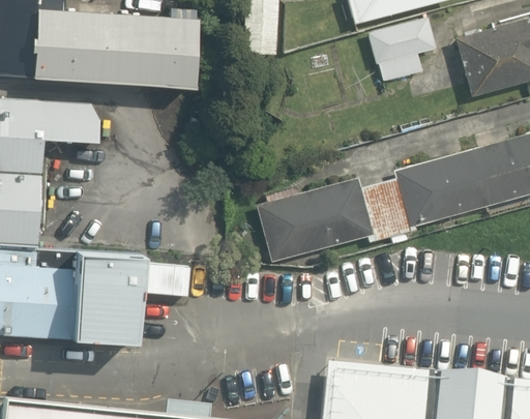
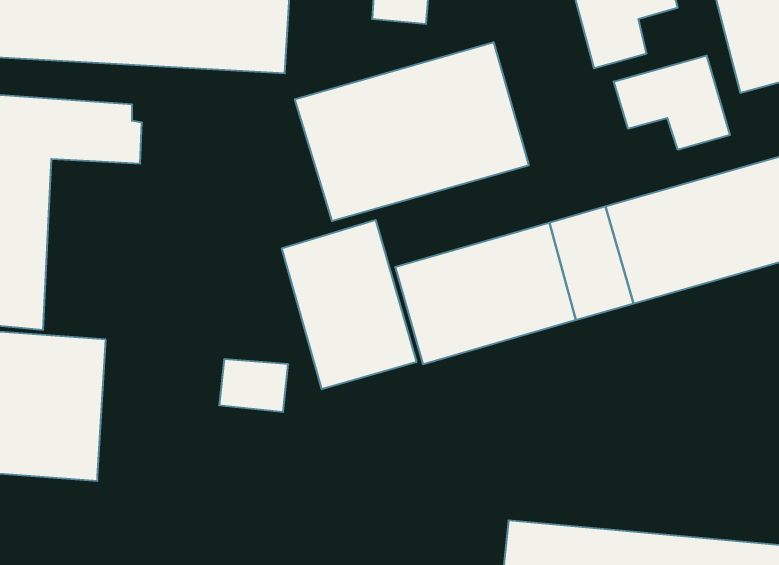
building: none -> [295,42,529,221]
building: none -> [614,55,730,150]
building: none -> [282,220,416,389]
building: [70,251,142,342] -> none

